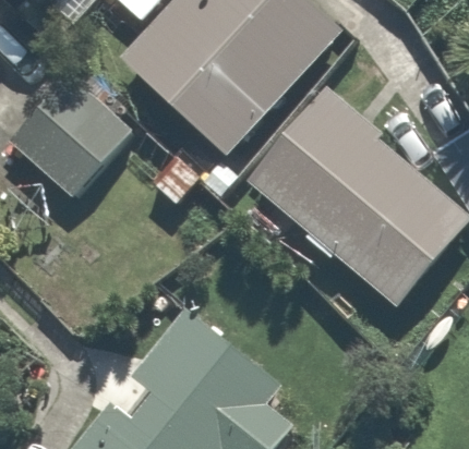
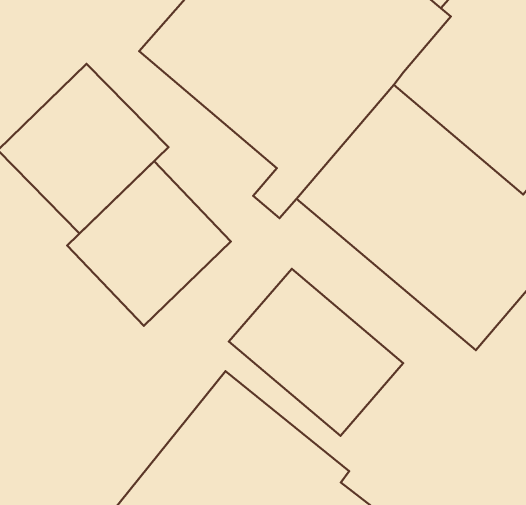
building: none -> [67,161,231,326]
building: none -> [229,269,403,436]

